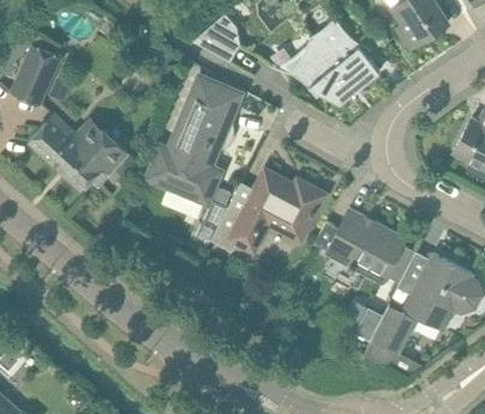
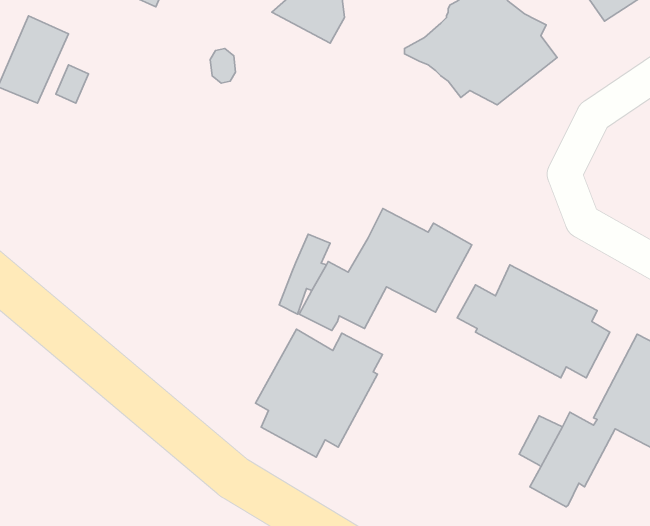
building: [148,78,240,202] -> none
building: [30,114,127,189] -> none
building: none -> [256,329,382,457]

